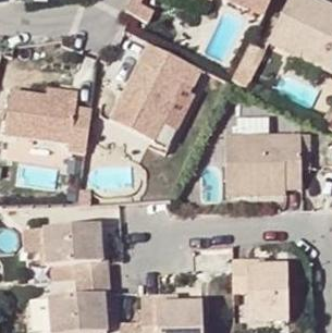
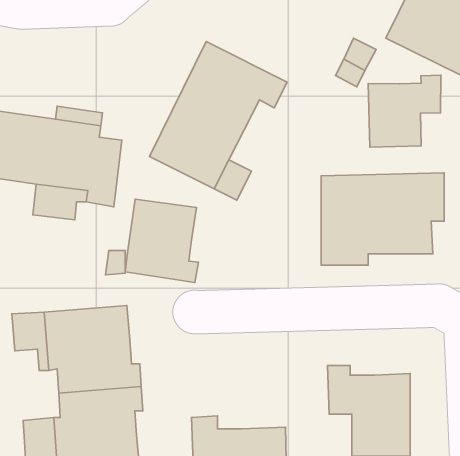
building: none -> [368,75,441,147]
building: none -> [125,199,199,283]

